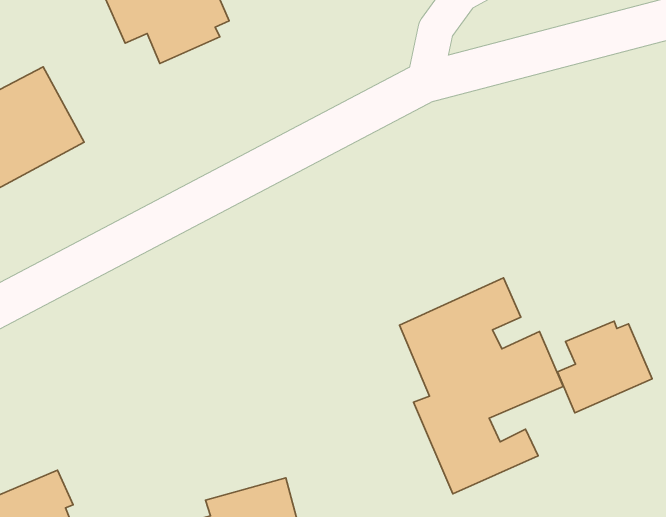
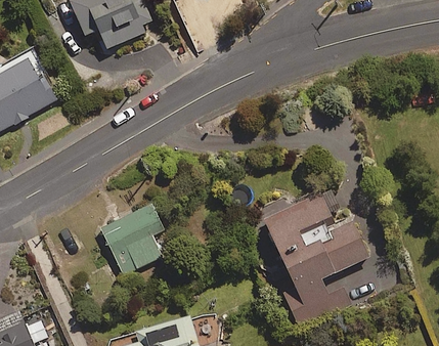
building: none -> [101,203,164,273]
building: [558,321,652,413] -> none

